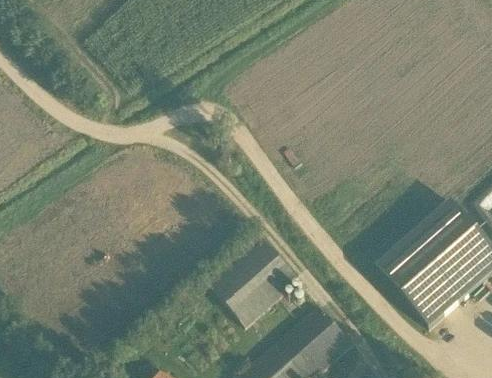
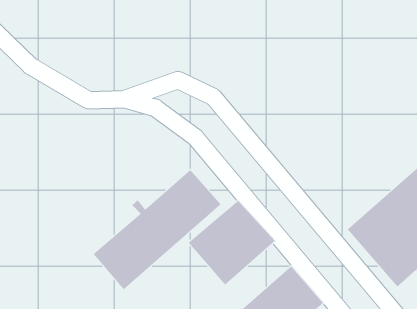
building: none -> [93,169,221,290]

